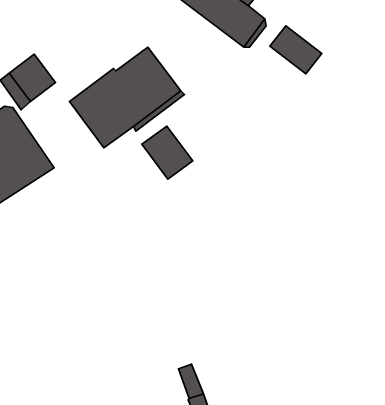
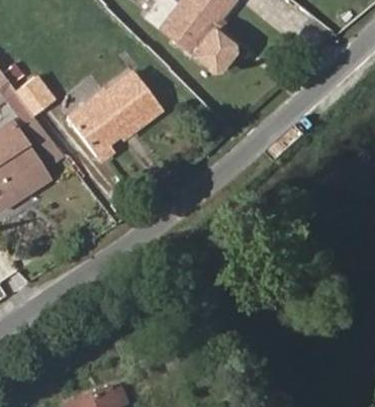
building: [270,26,322,74] -> none
building: [142,126,193,179] -> none

